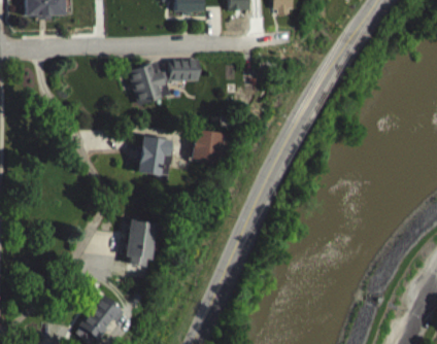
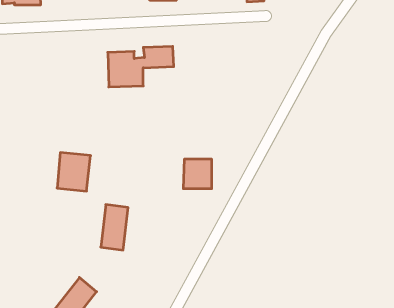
building: [191,131,220,161] -> [183,159,212,189]
building: [137,136,171,175] -> [57,153,91,191]

